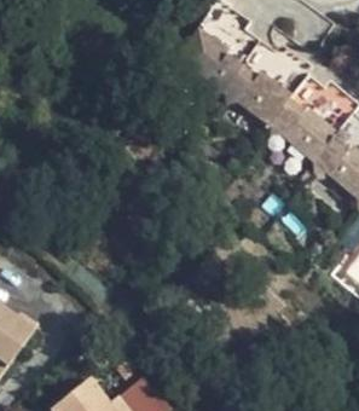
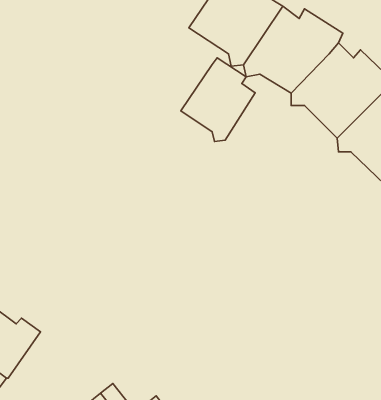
building: none -> [181,58,255,141]

